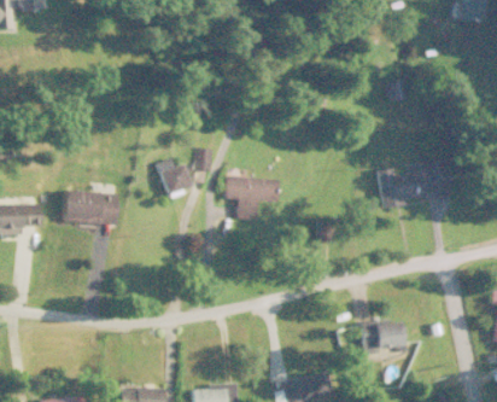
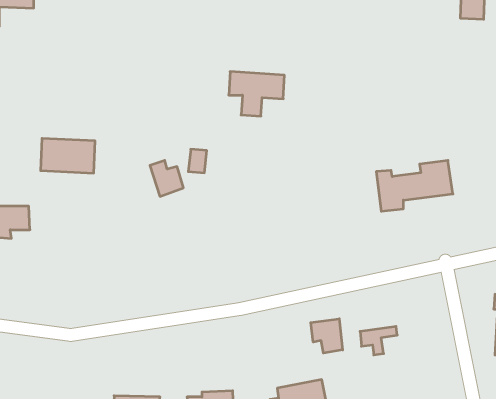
building: [224,176,279,220] -> [229,72,284,116]
building: [64,191,117,225] -> [41,138,95,173]
building: none -> [311,319,343,353]

